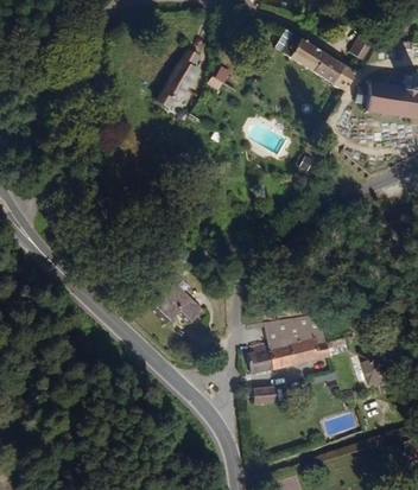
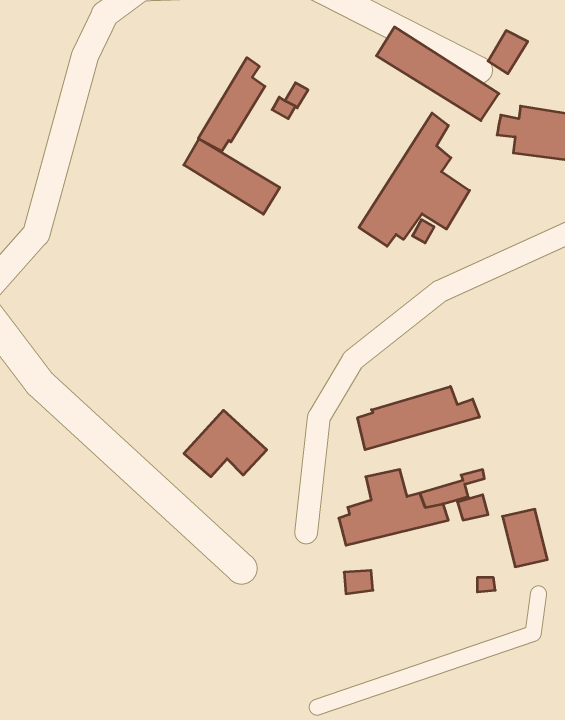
building: none -> [359,113,470,246]
building: none -> [184,139,280,214]
building: none -> [358,386,479,450]

